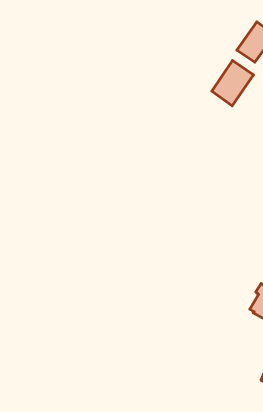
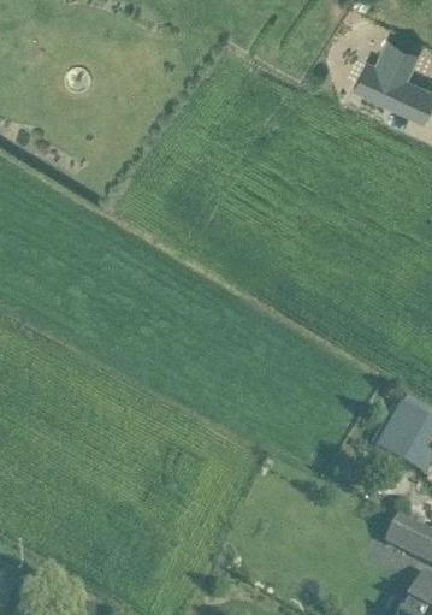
building: [212,61,254,106] -> none

